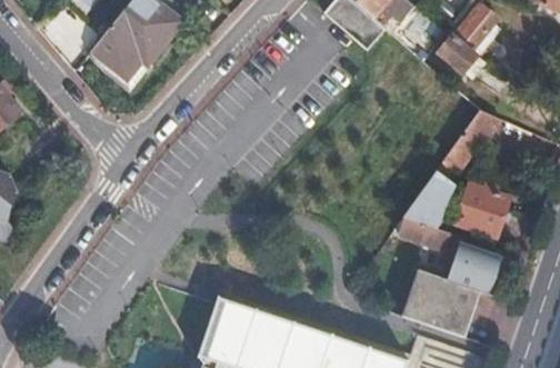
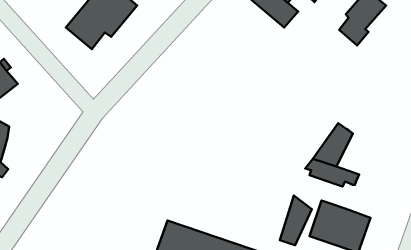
building: [437,113,502,181] -> none
building: [457,188,510,239] -> none
building: [446,247,492,295] -> none
building: none -> [280,196,312,245]

